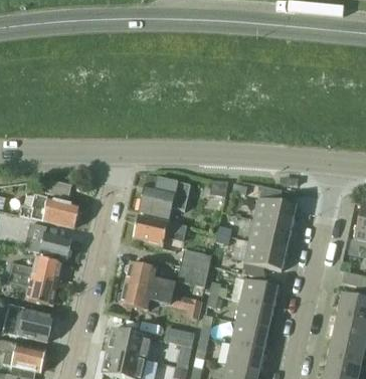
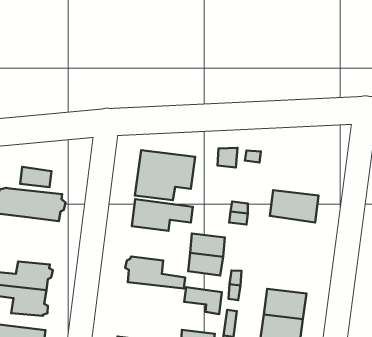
building: [253,196,296,226] -> none
building: [30,229,71,257] -> none
building: [243,239,286,269] -> none
building: [240,277,278,307] -> none
building: [118,282,171,309] -> none

